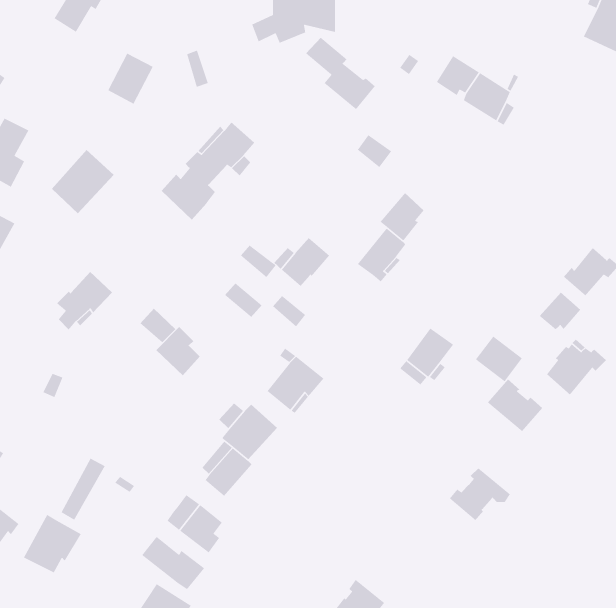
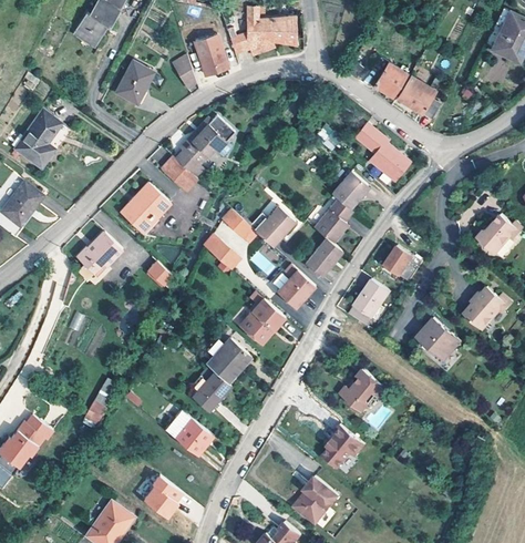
building: none -> [193,24,229,75]
building: [305,37,376,110] -> [354,123,410,181]
building: [51,149,115,214] -> [120,184,169,235]
building: none -> [305,236,342,274]
building: [539,292,581,330] -> none
building: none -> [278,264,317,307]
building: [156,326,201,376] -> none
building: [475,335,523,382] -> [384,245,422,281]
building: [449,467,511,521] -> [339,369,388,411]
building: none -> [320,423,362,467]
building: [23,514,82,573] -> none
building: [141,536,205,590] -> none

